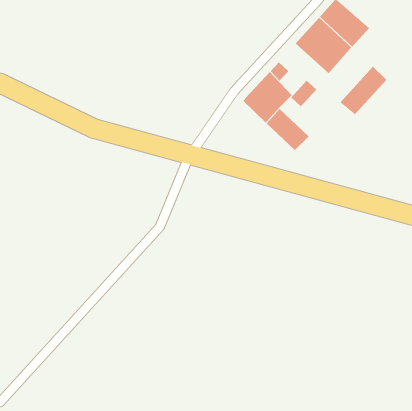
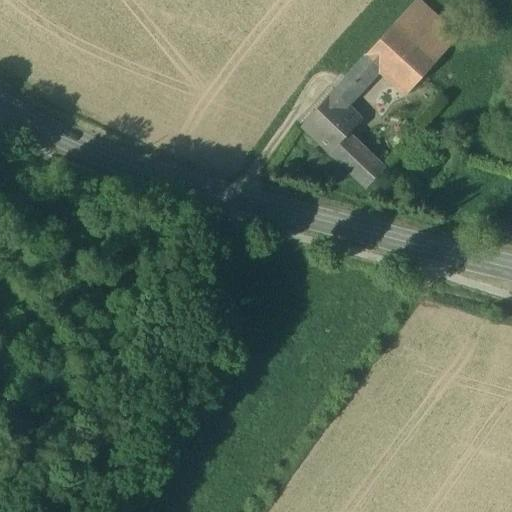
building: [339,66,387,115] -> none
building: [290,80,317,107] -> [346,54,379,88]

